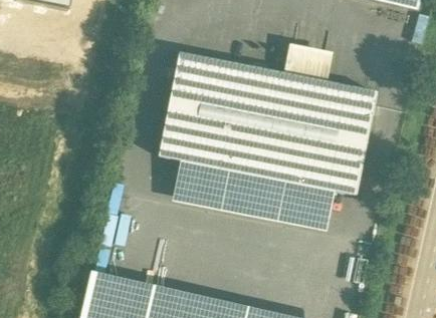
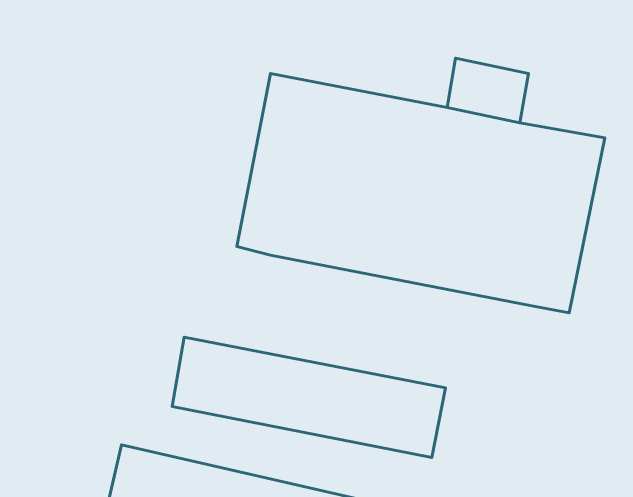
building: [172,160,334,231] -> [172,337,445,458]

